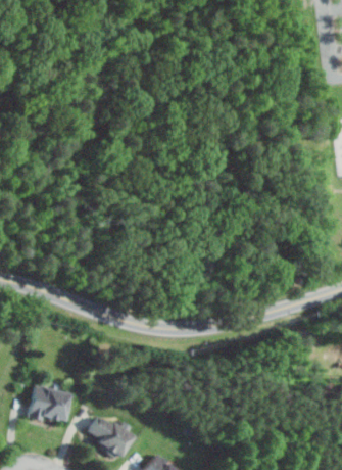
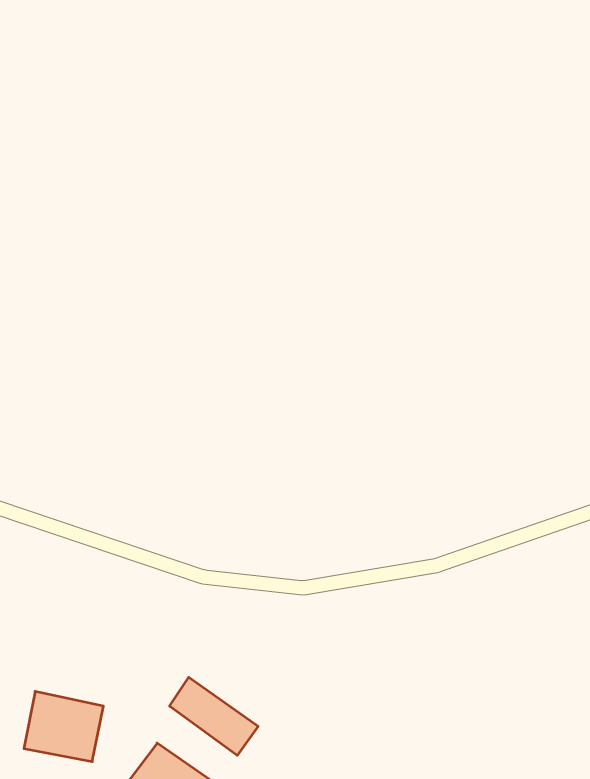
building: none -> [170,677,258,755]

